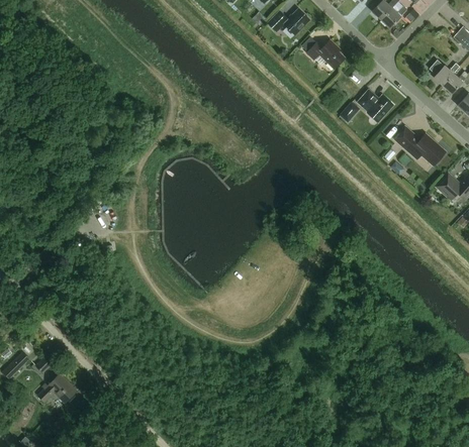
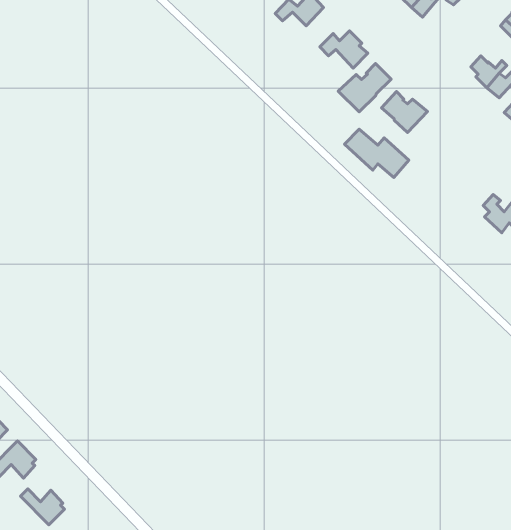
building: none -> [338,63,391,112]
building: [393,126,446,165] -> [344,129,409,177]
building: none -> [20,489,65,525]

